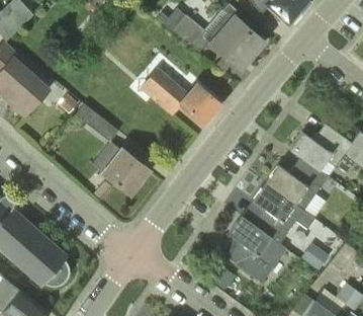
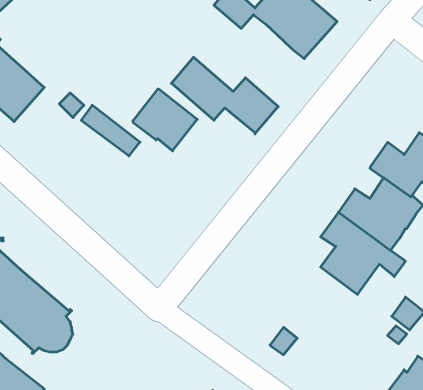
building: [103,149,151,194] -> [133,89,197,151]
building: [229,216,287,283] -> none

